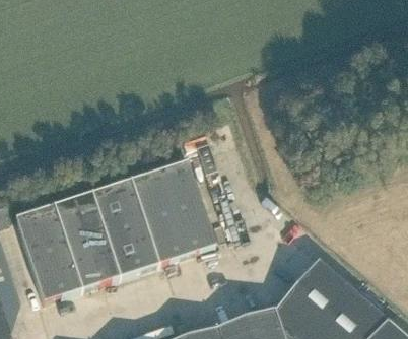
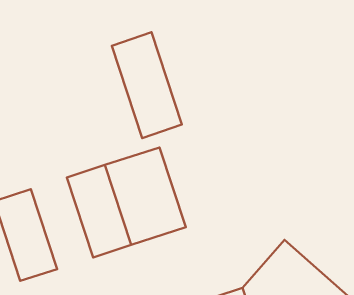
building: none -> [112,32,182,138]
building: [55,193,120,288] -> none

